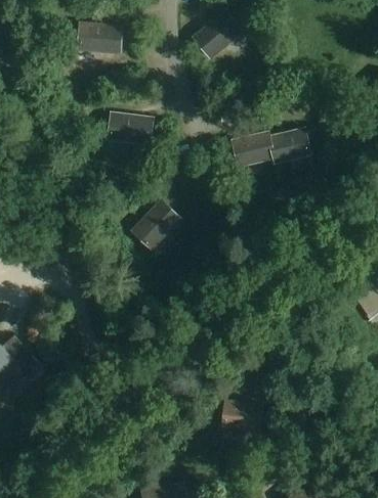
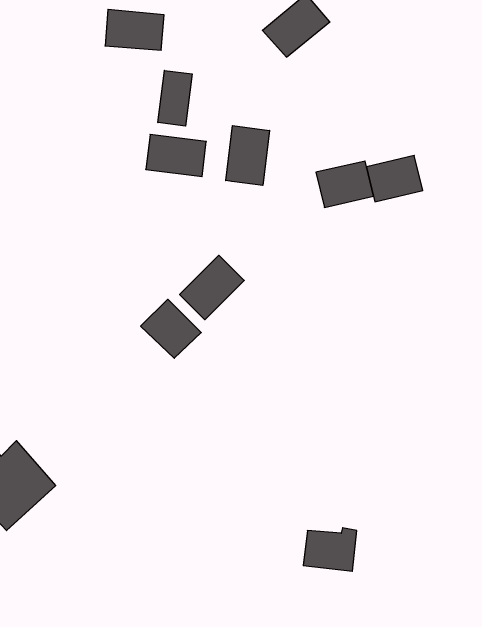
building: none -> [158,70,192,126]
building: none -> [226,126,270,185]
building: none -> [141,299,201,358]

